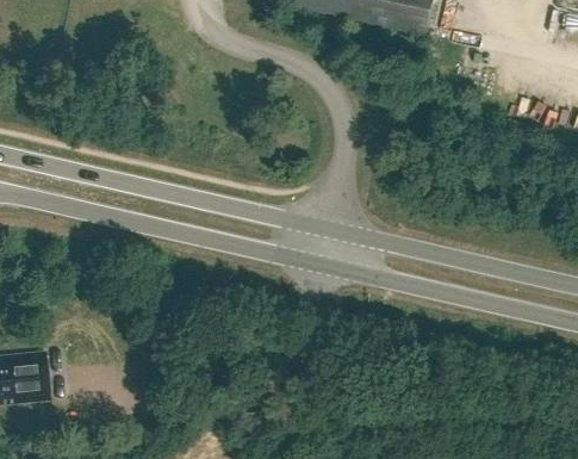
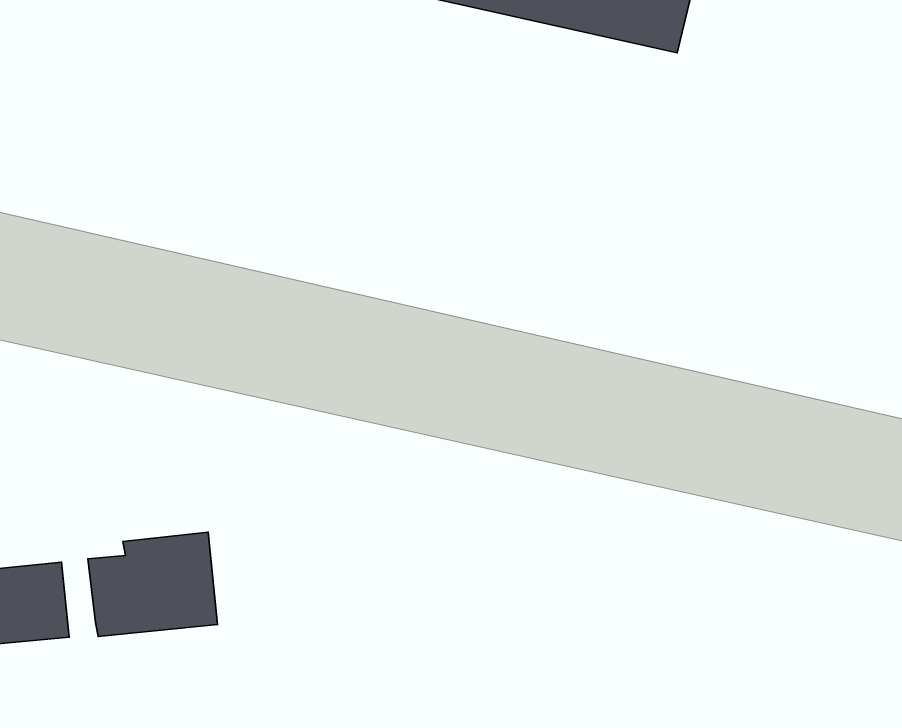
building: none -> [88,532,217,637]

